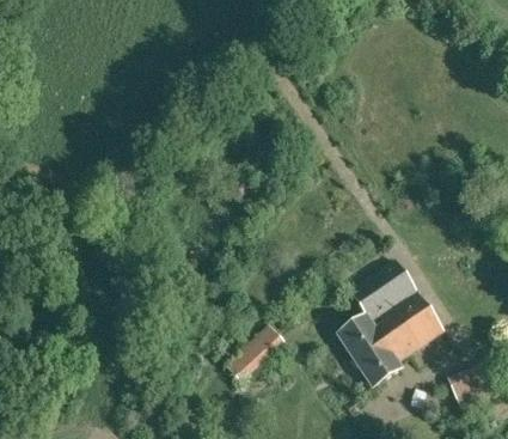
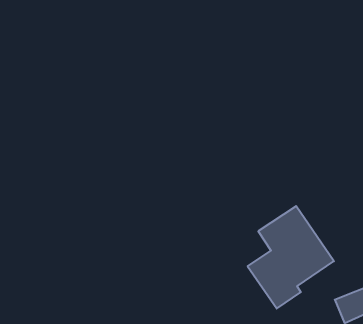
building: [225,325,280,385] -> none

